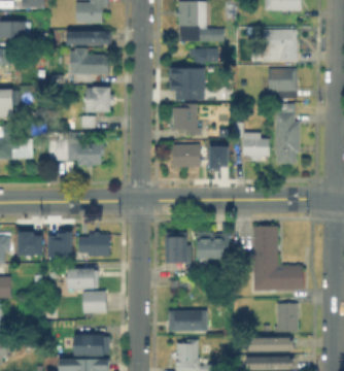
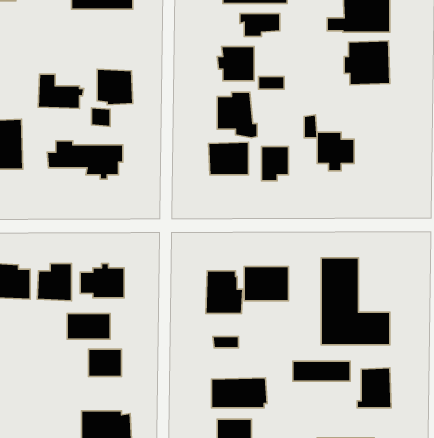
building: [77,49,110,74] -> [38,74,84,109]
building: [278,113,304,165] -> none
building: [247,336,288,350] -> [293,361,350,381]

